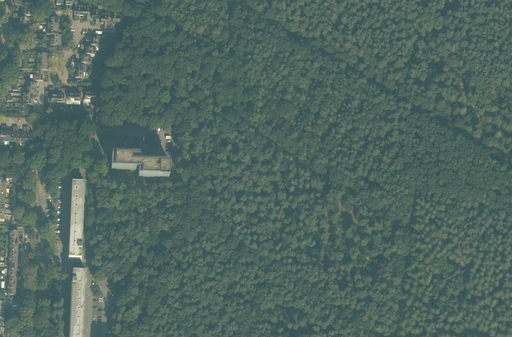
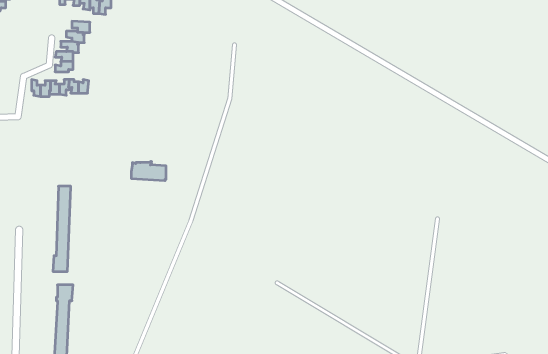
building: [112,150,140,166] -> none

